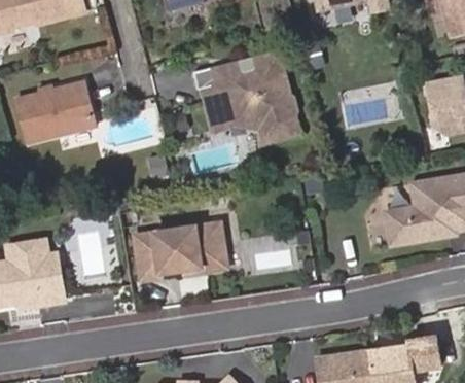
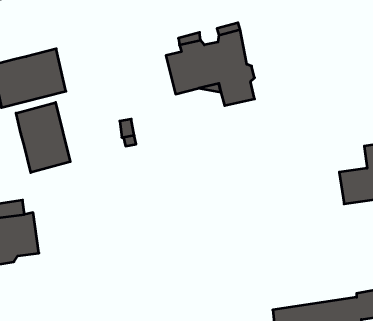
building: none -> [16,102,70,173]
building: [135,224,227,281] -> none

